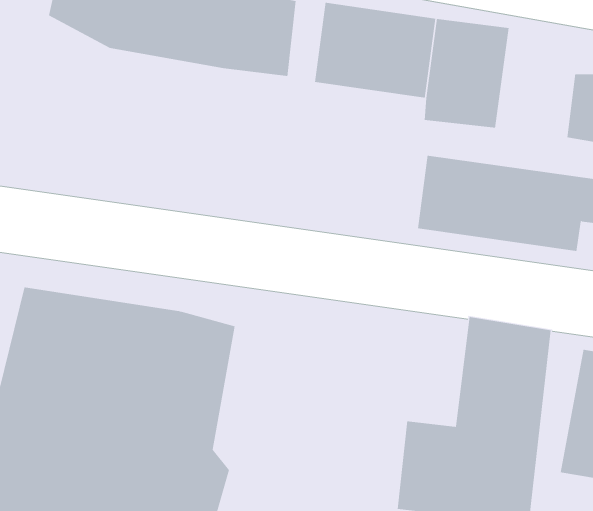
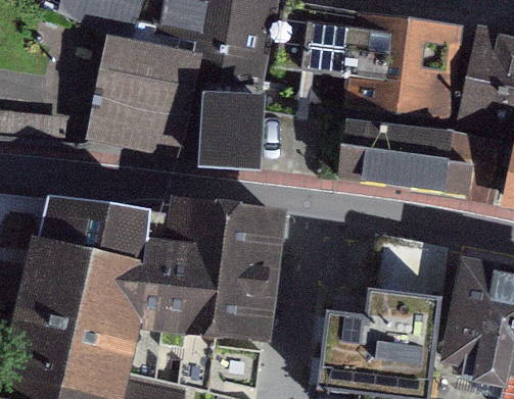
building: none -> [398,21,461,104]
building: none -> [91,37,192,140]
building: none -> [201,98,255,164]
building: none -> [185,229,293,346]

